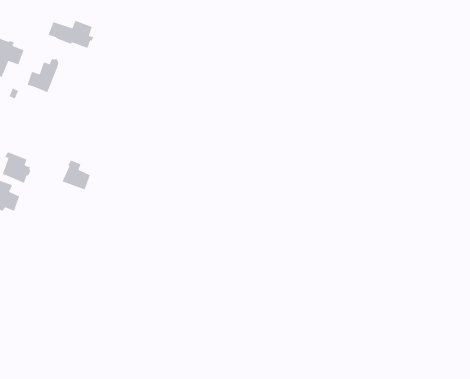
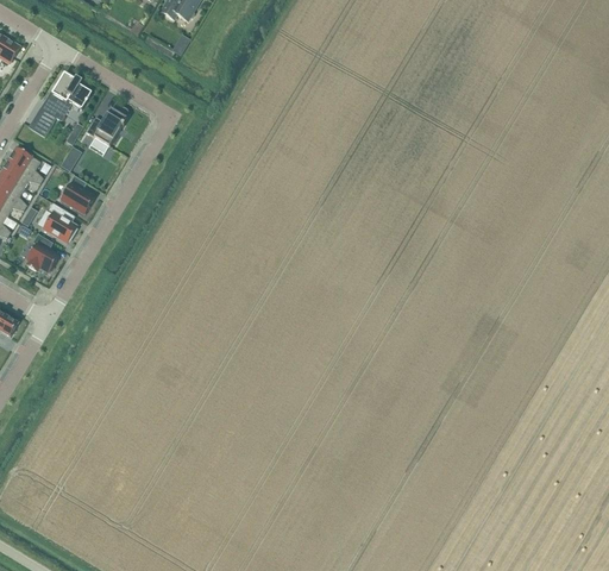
building: [47,20,94,49] -> none
building: [62,160,91,191] -> [59,176,94,214]

